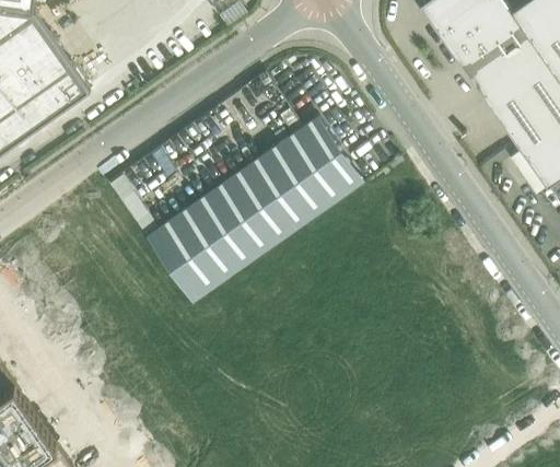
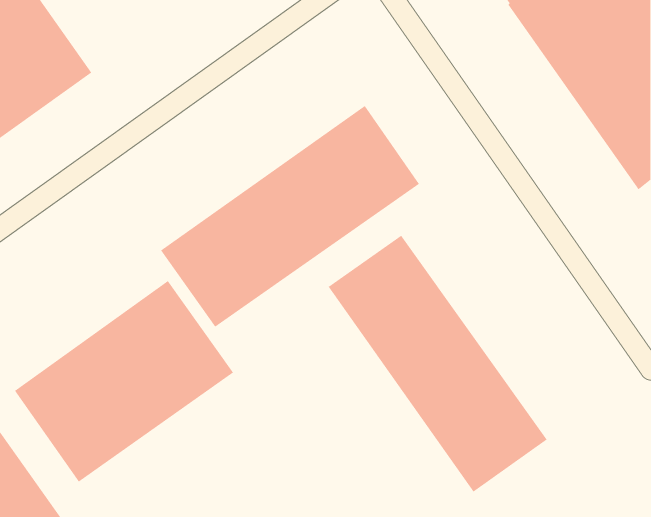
building: none -> [328,235,547,493]
building: none -> [14,280,234,482]

